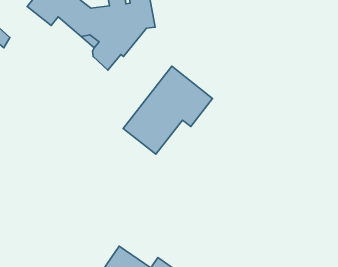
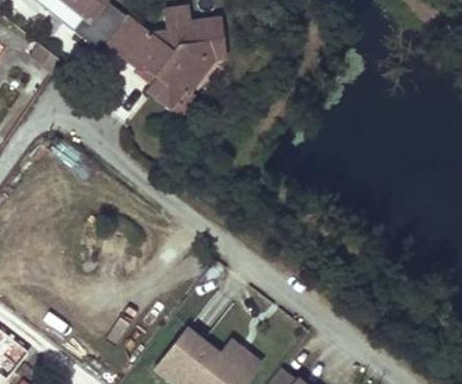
building: [123,66,213,154] -> none

